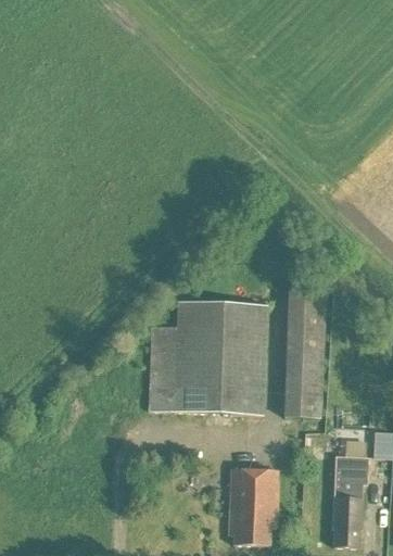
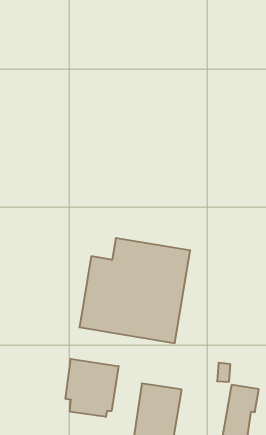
building: [284,286,325,417] -> none
building: none -> [66,359,119,417]

